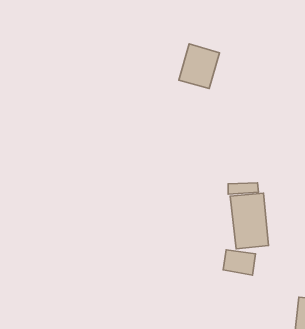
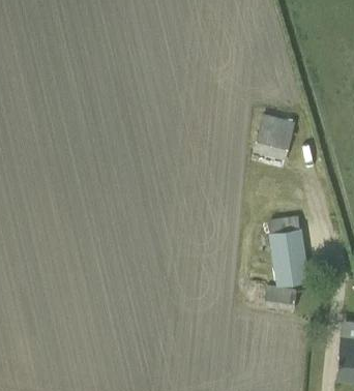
building: [179,44,219,88] -> [254,113,295,158]

